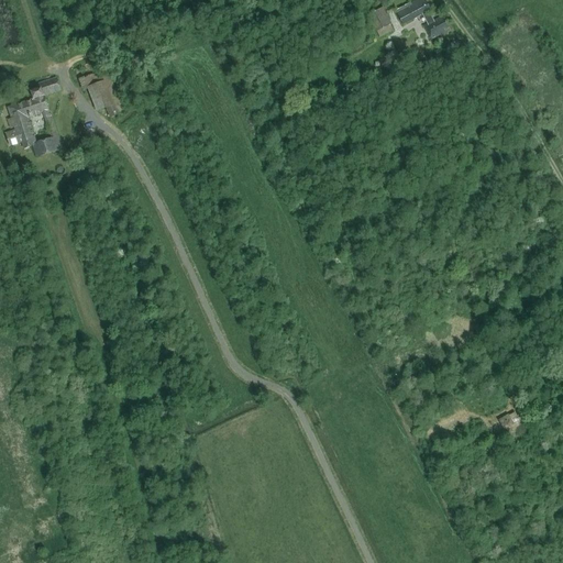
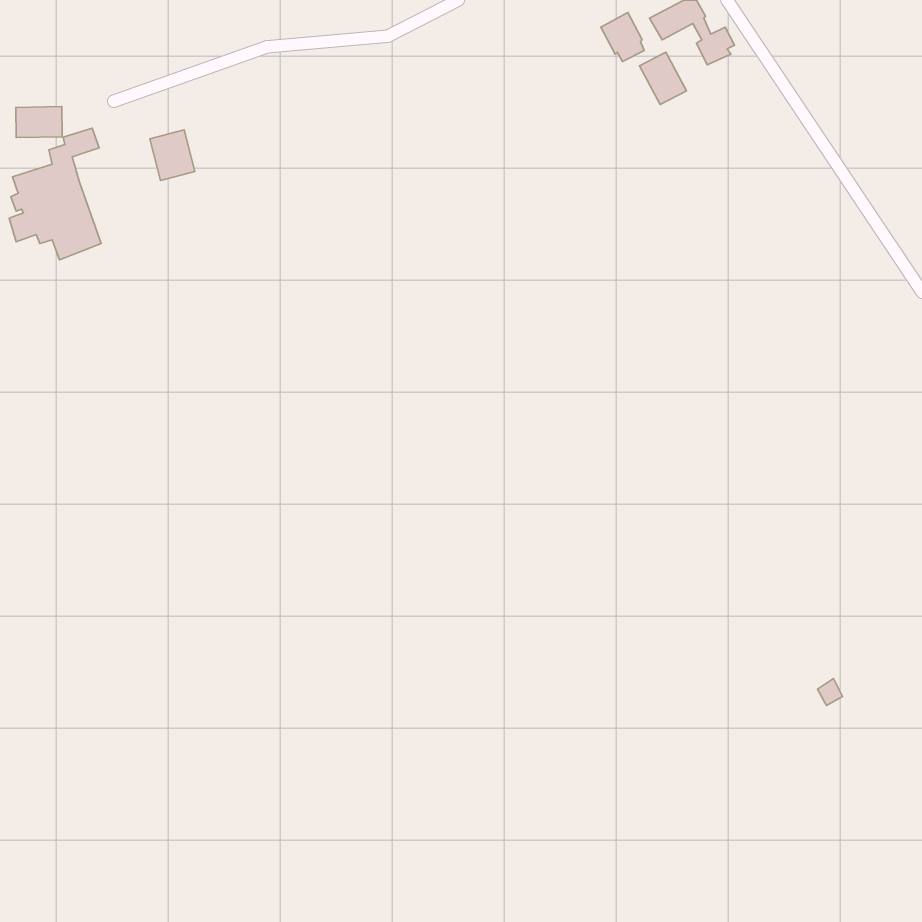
building: none -> [640,52,686,105]
building: none -> [16,107,62,138]

